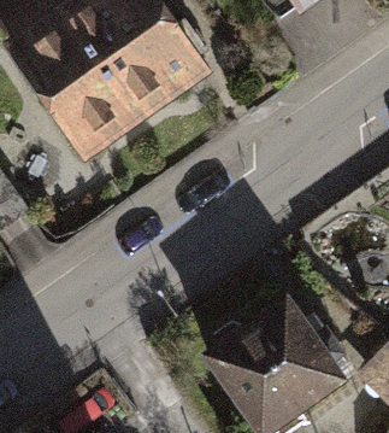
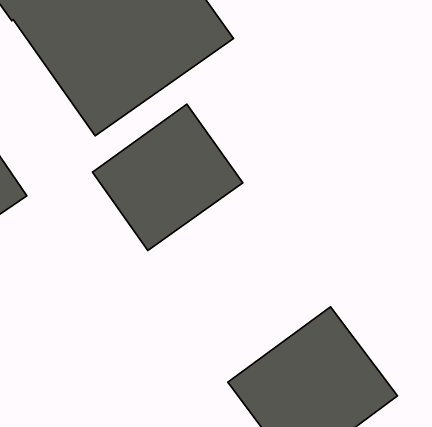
building: none -> [93,104,243,251]

